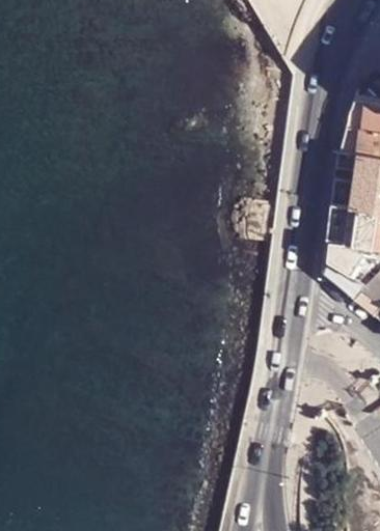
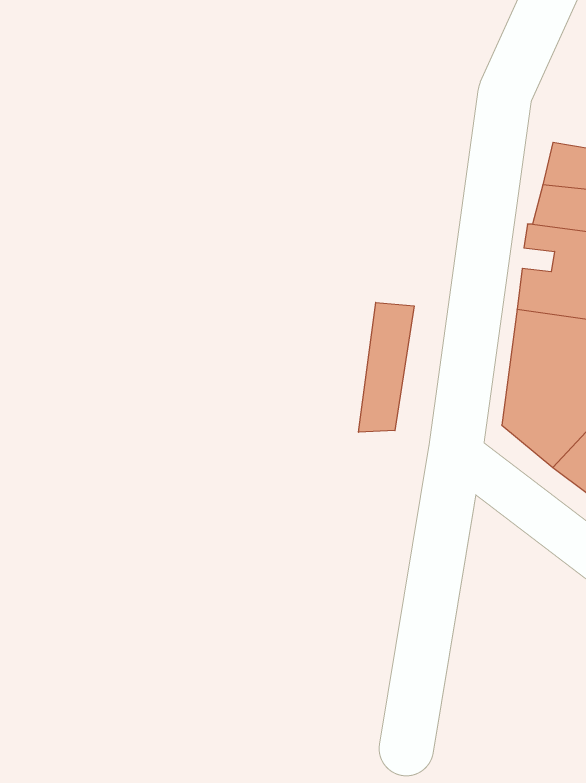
building: none -> [359,302,414,432]

